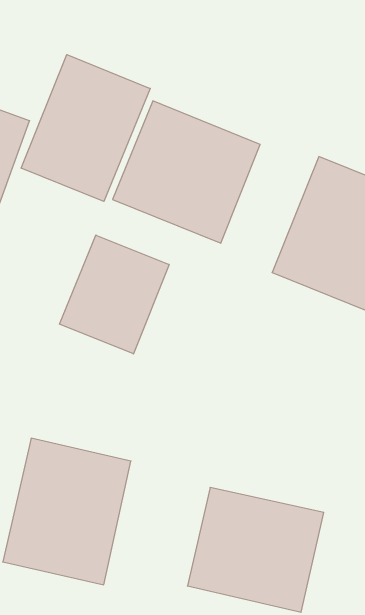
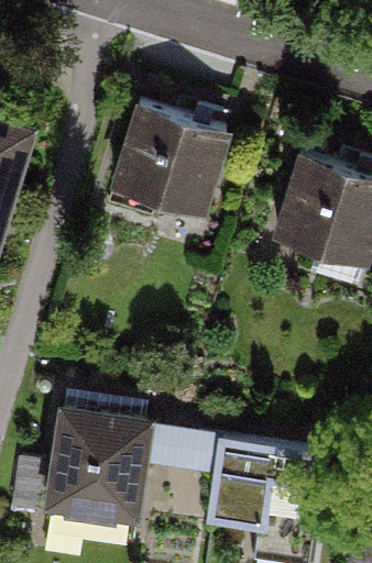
building: [21,55,150,201] -> none
building: [59,235,169,354] -> none

